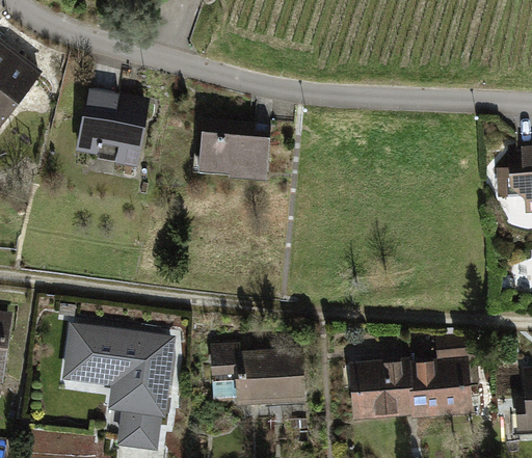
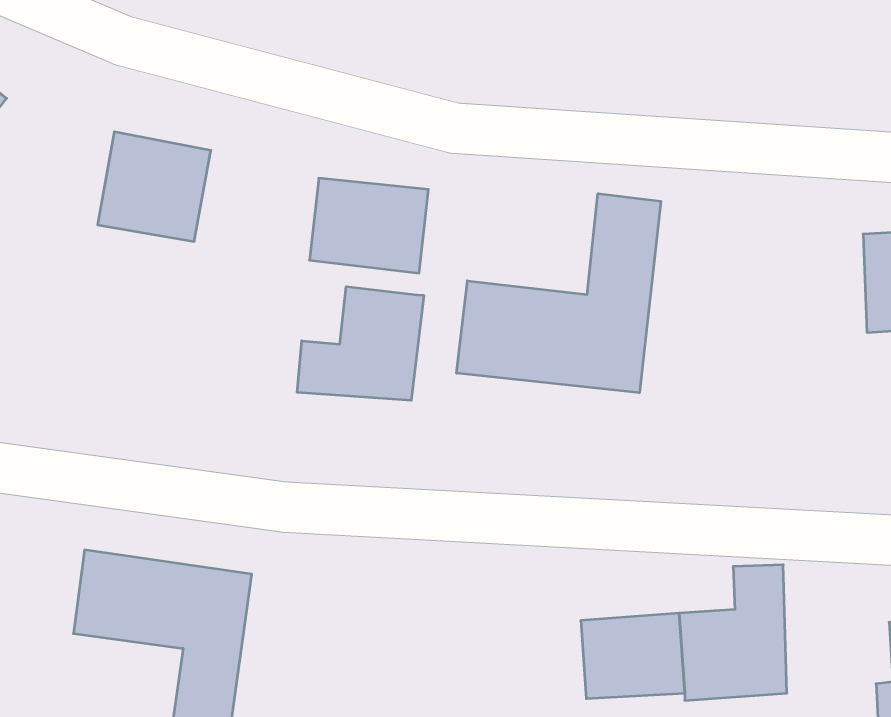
building: none -> [457,194,661,393]
building: none -> [297,287,424,400]
building: [214,349,301,402] -> none

